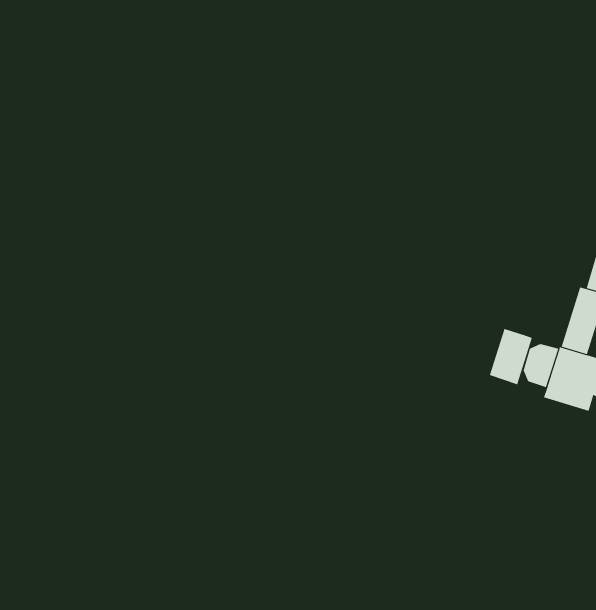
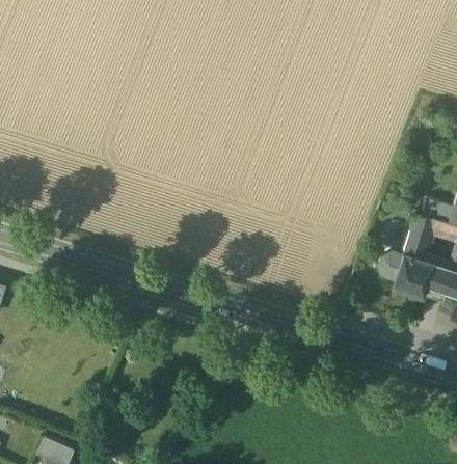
building: [489,328,533,385] -> none

